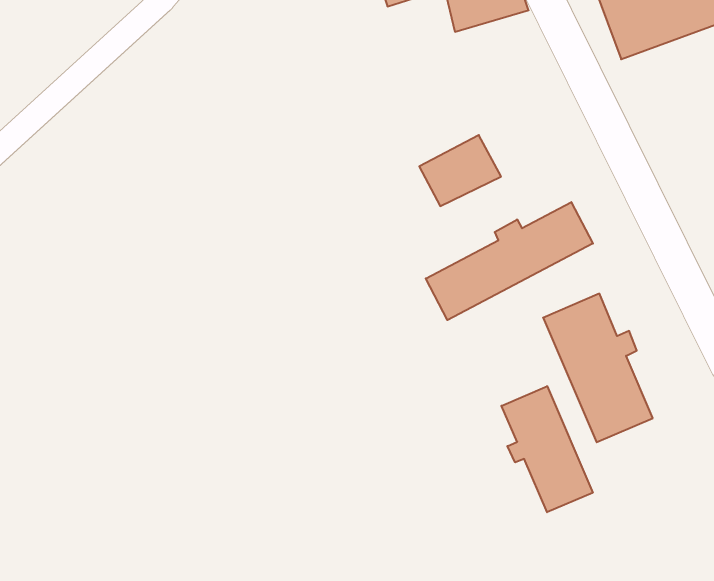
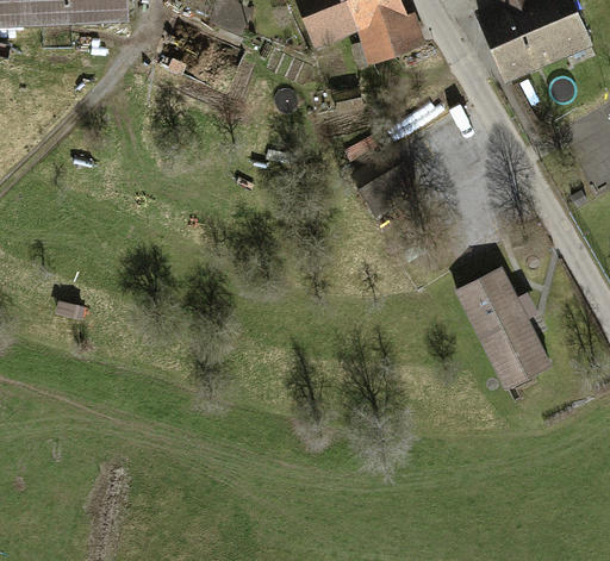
building: [426,202,593,320] -> none
building: [501,386,593,512] -> none

